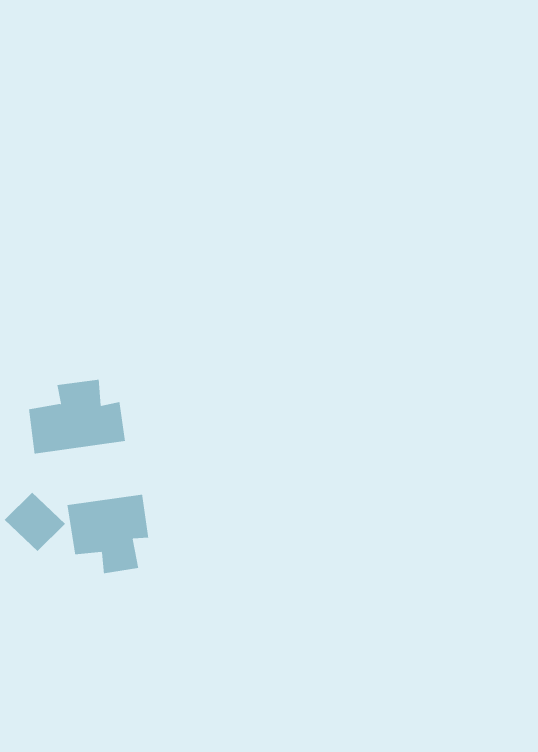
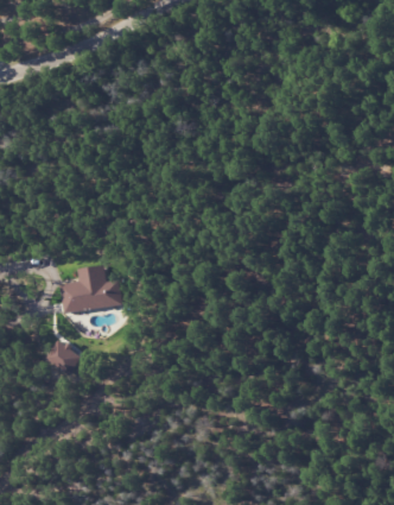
building: [67,494,149,574] -> none

